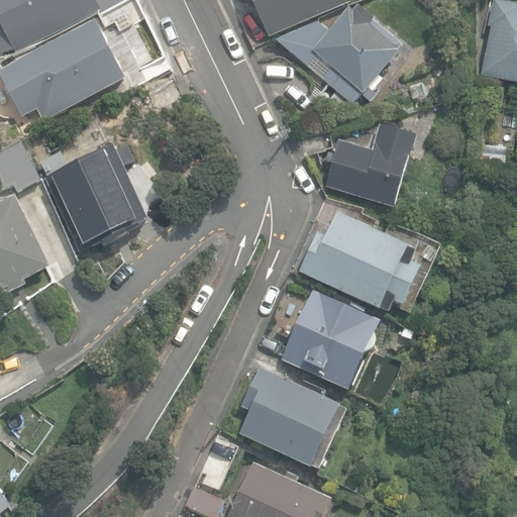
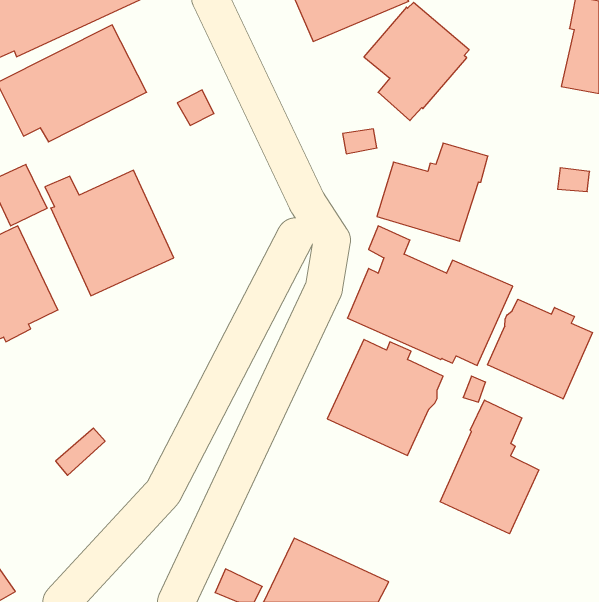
building: none -> [488,299,593,399]
building: none -> [440,400,539,534]
building: [238,366,347,468] -> none

